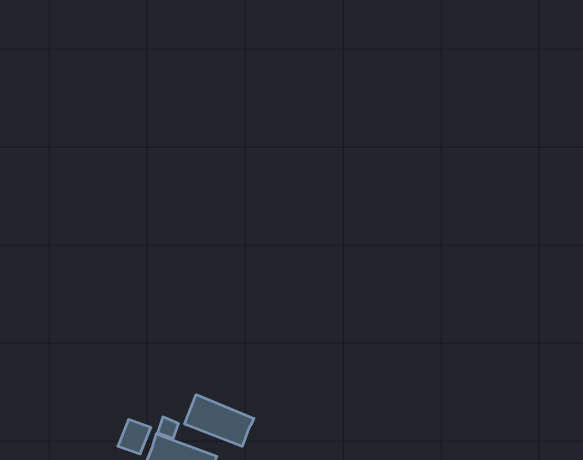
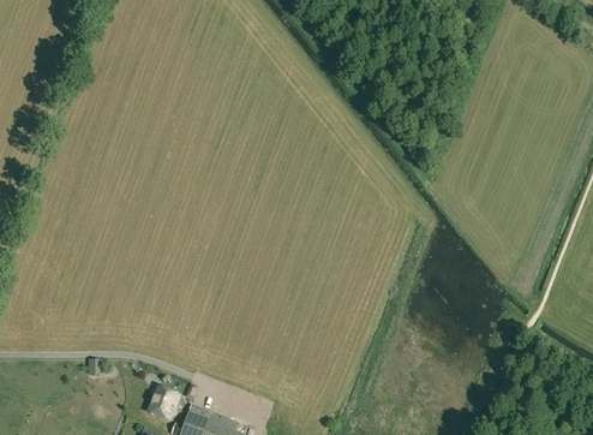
building: [185,395,254,446] -> none

